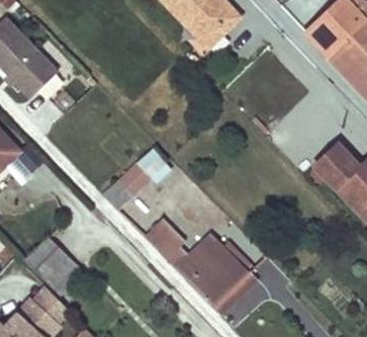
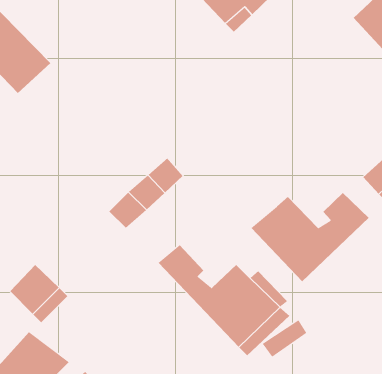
building: none -> [251,192,370,282]

